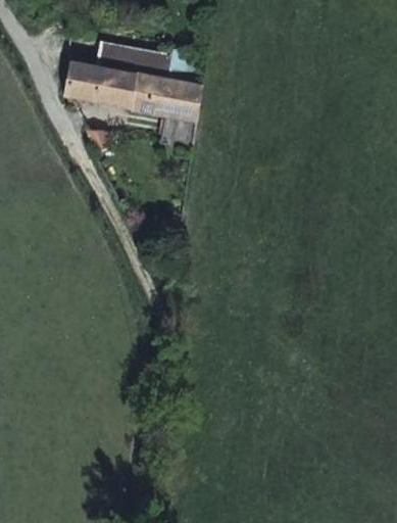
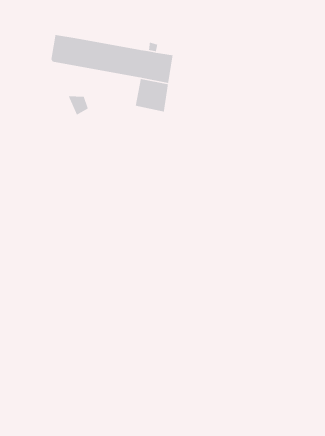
building: [93,42,169,82] -> none

